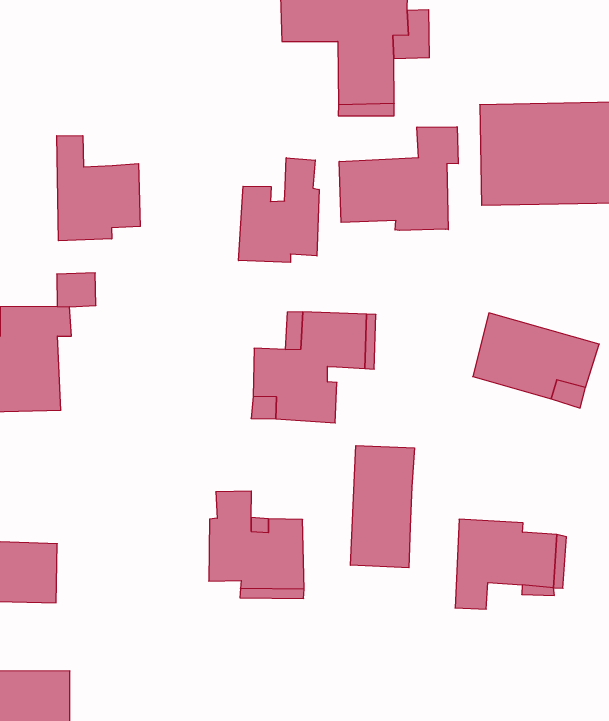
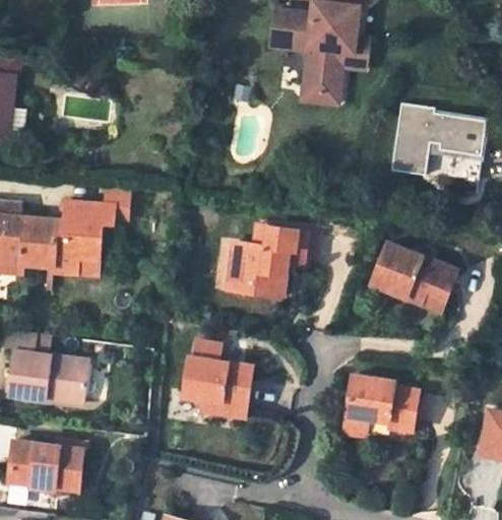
building: [339,127,458,230] -> none
building: [57,136,140,241] -> none
building: [239,158,319,262] -> none
building: [350,446,414,568] -> none

